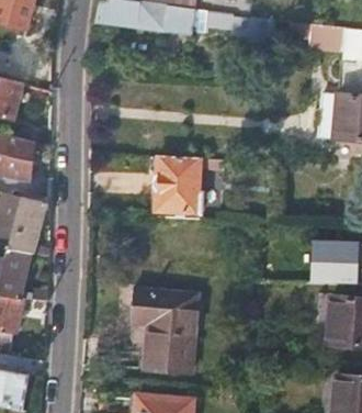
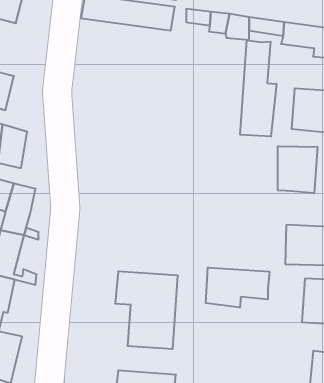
building: none -> [240,40,276,137]
building: [155,155,199,211] -> none
building: none -> [278,146,317,193]
building: none -> [206,267,269,308]

